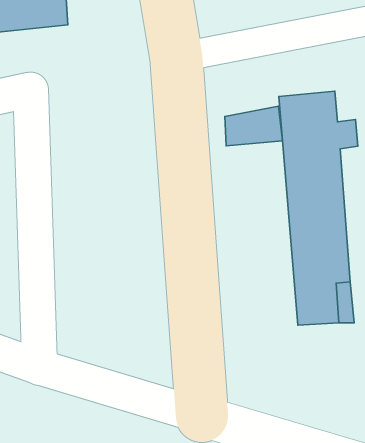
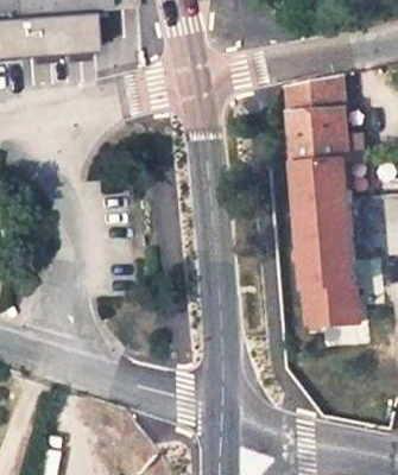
building: [225,106,282,146] -> [286,78,340,115]

